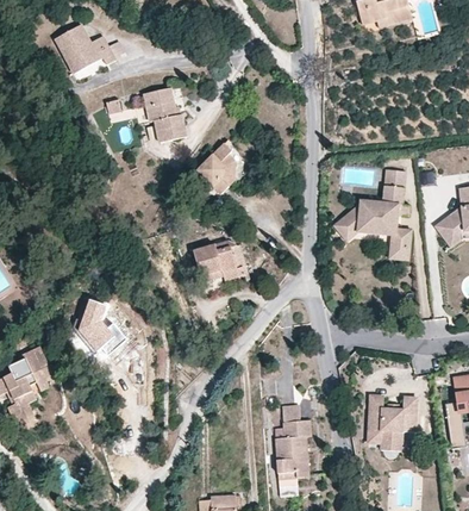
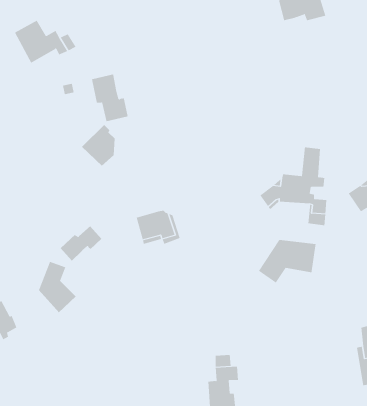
building: [198,144,237,193] -> [81,124,116,167]
building: none -> [60,225,102,261]
building: none -> [258,239,316,283]
building: [368,395,418,444] -> none

